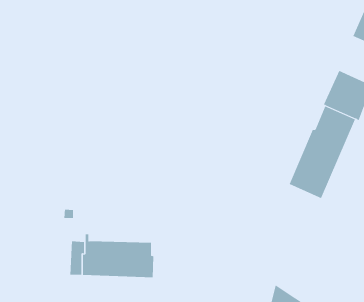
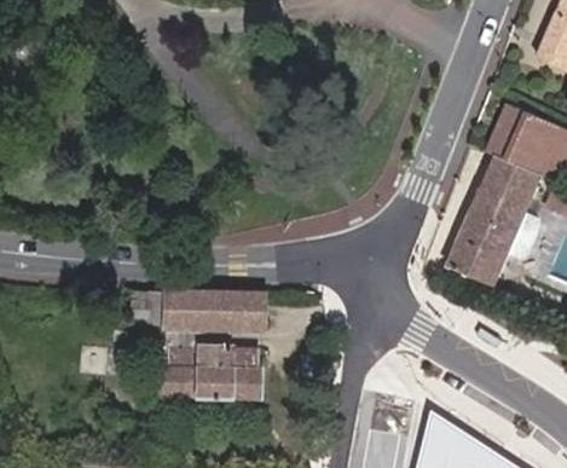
building: none -> [160,289,261,328]

